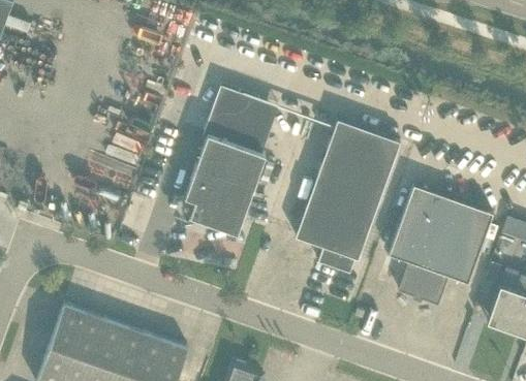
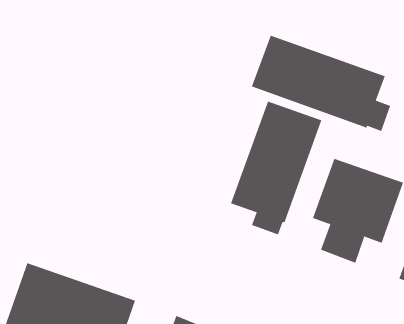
building: none -> [251,35,391,132]
building: [180,87,278,234] -> none

